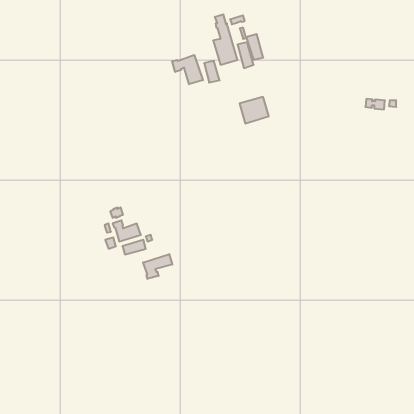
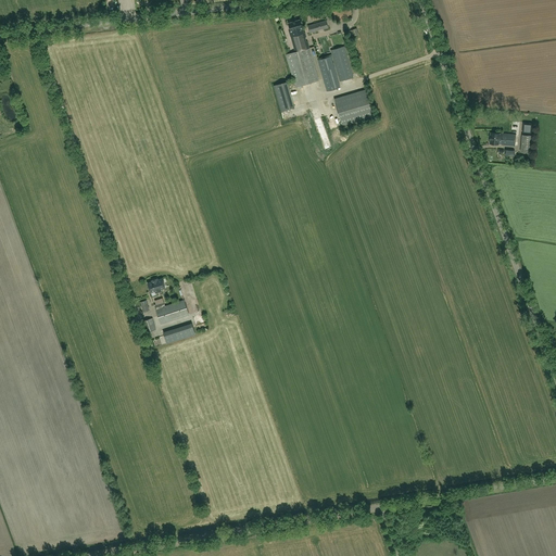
building: [172,55,203,84] -> none
building: [240,97,269,124] -> [334,90,374,126]
building: [143,254,172,279] -> none

